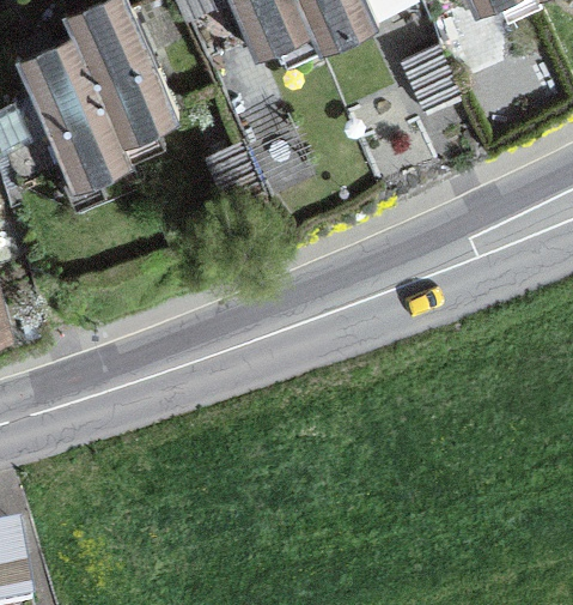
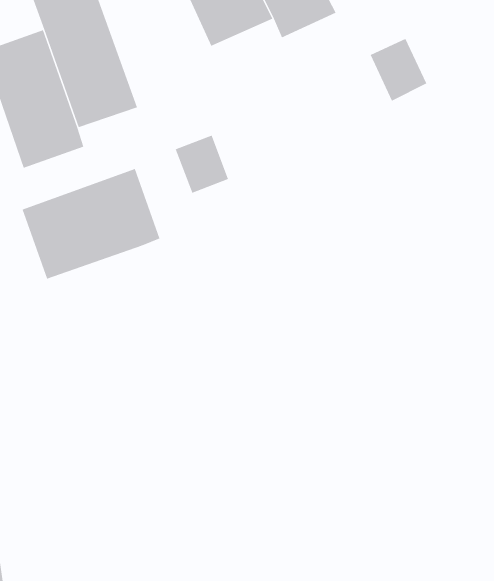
building: none -> [22,168,160,280]

